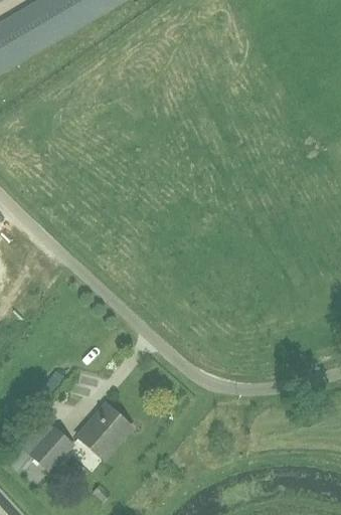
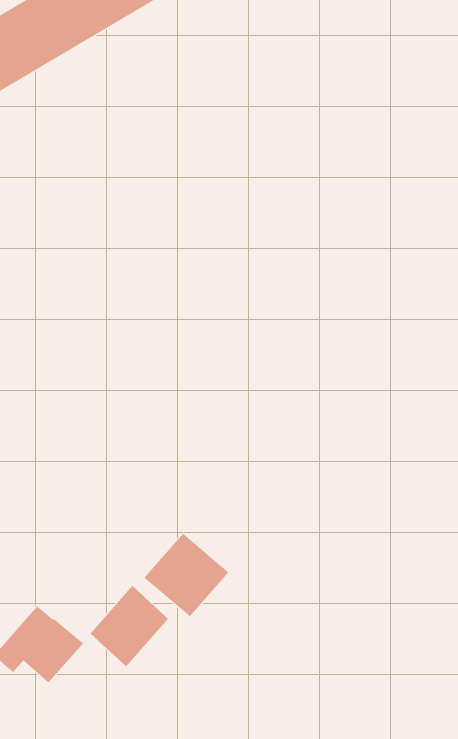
building: none -> [143,533,229,617]

